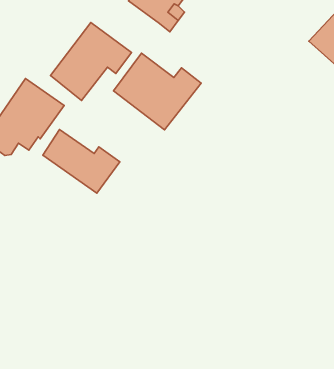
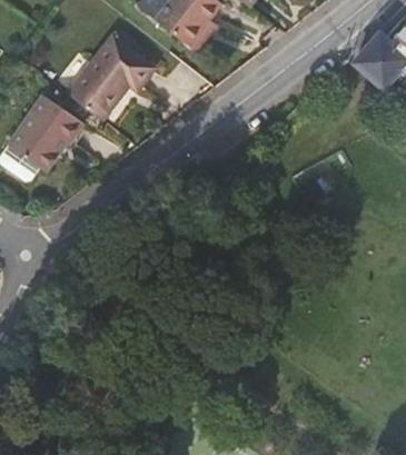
building: [114,53,201,130] -> none
building: [43,130,120,193] -> none

